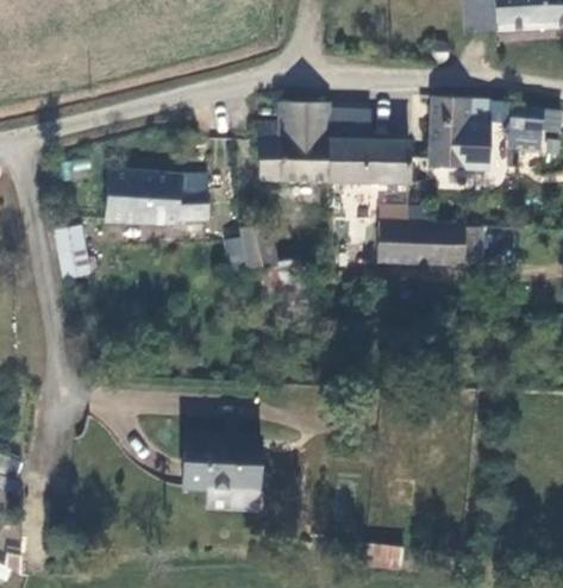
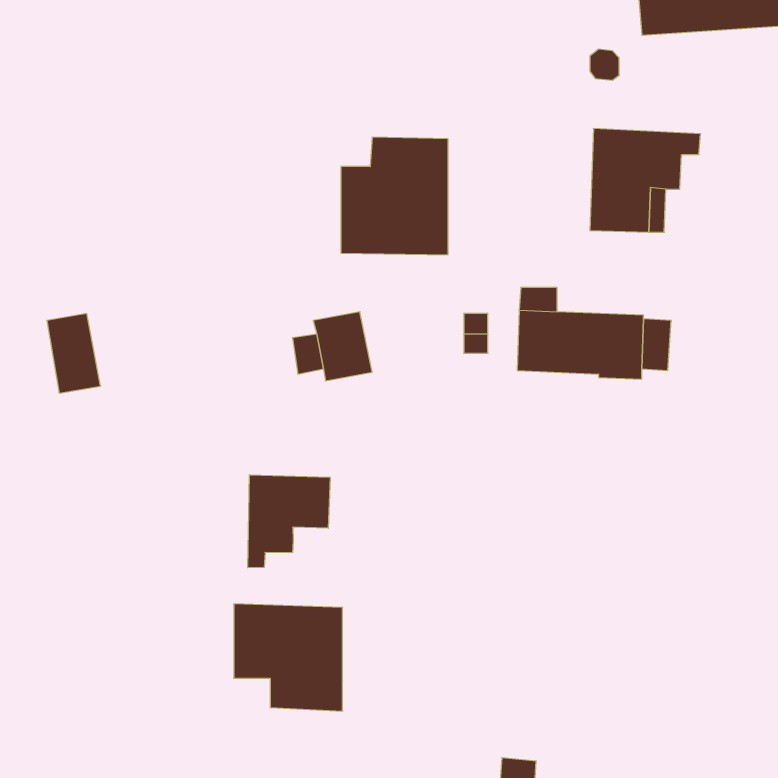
building: [332,110,411,184] -> none
building: [509,117,549,155] -> none
building: [104,169,212,229] -> none
building: none -> [248,475,330,568]

